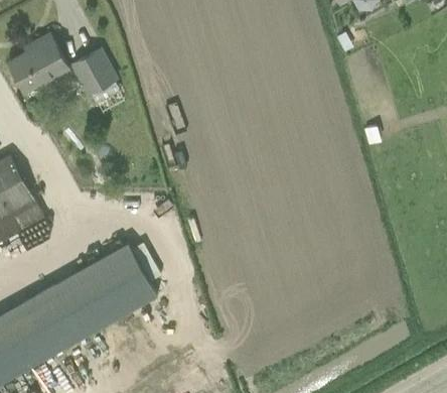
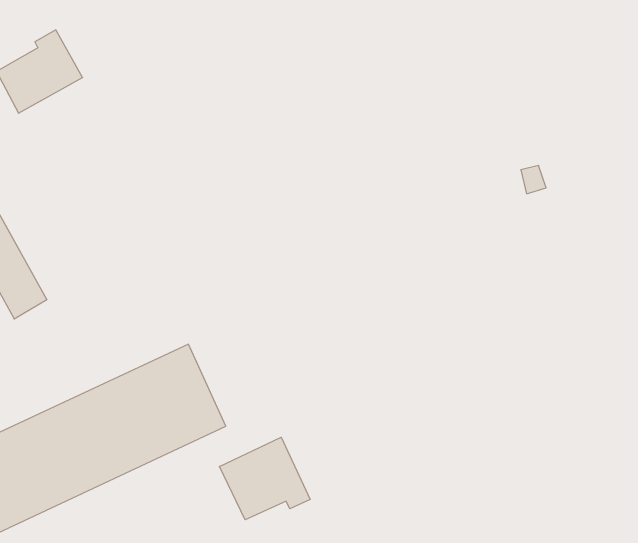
building: [71,50,117,96] -> none
building: none -> [219,437,310,520]

